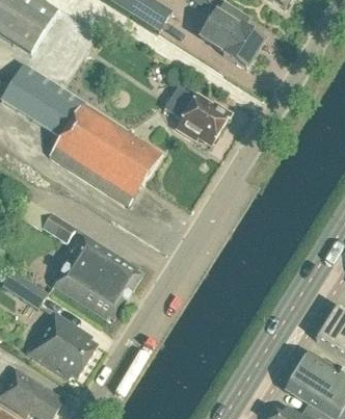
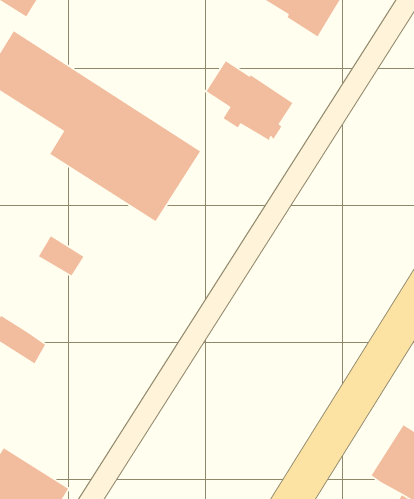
building: [54,235,142,319] -> none
building: [28,311,97,378] -> none

